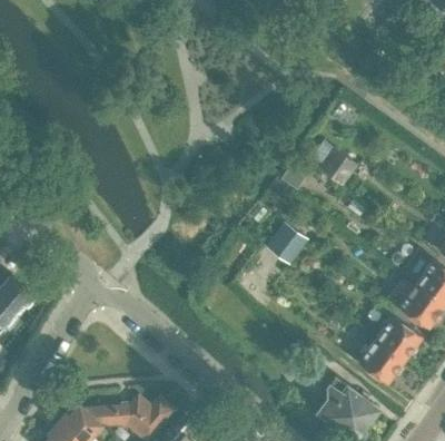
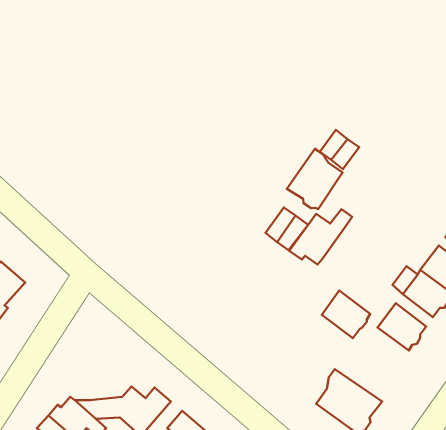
building: none -> [287,149,342,209]
building: none -> [289,209,352,265]
building: [358,339,405,384] -> [322,291,370,338]

